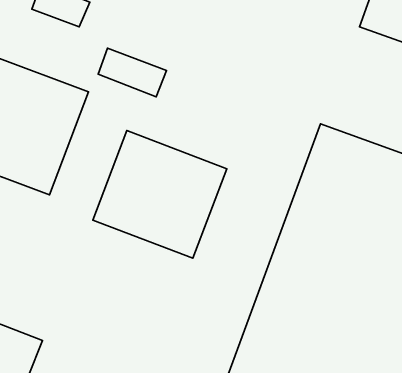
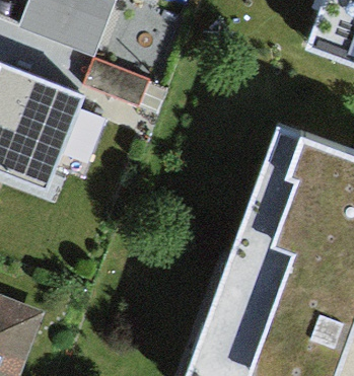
building: [93,131,227,258] -> none

